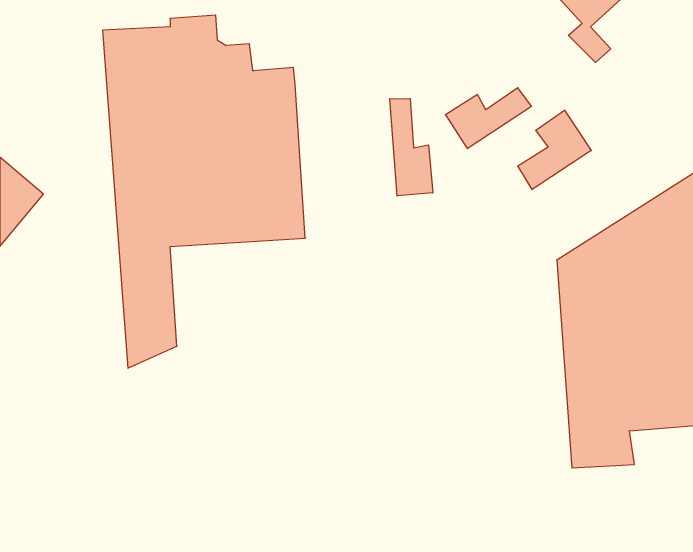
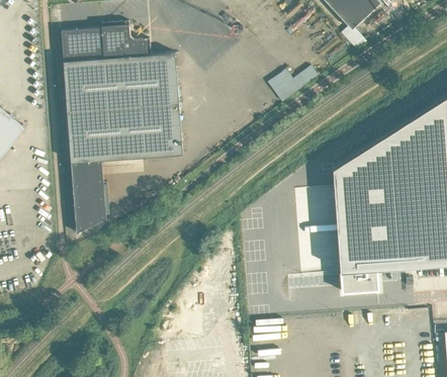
building: [390,99,433,196] -> none
building: [518,110,591,190] -> none

